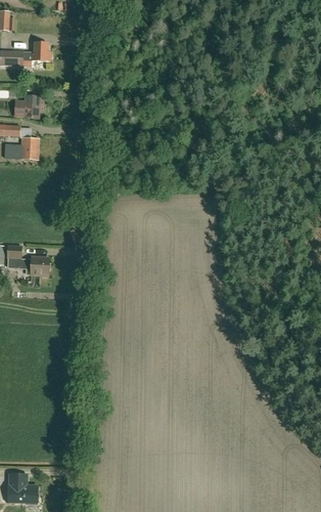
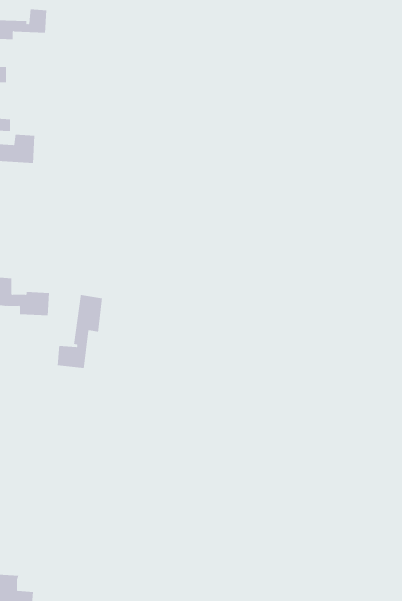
building: [16,95,44,117] -> none
building: none -> [57,294,102,369]

